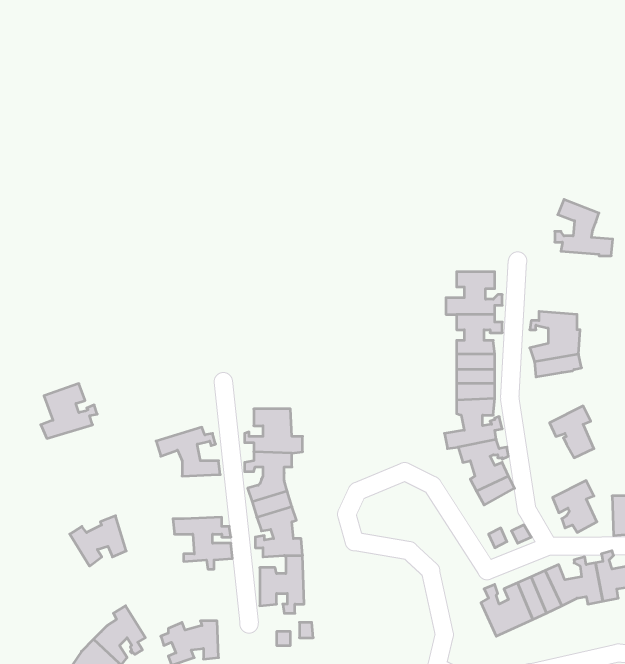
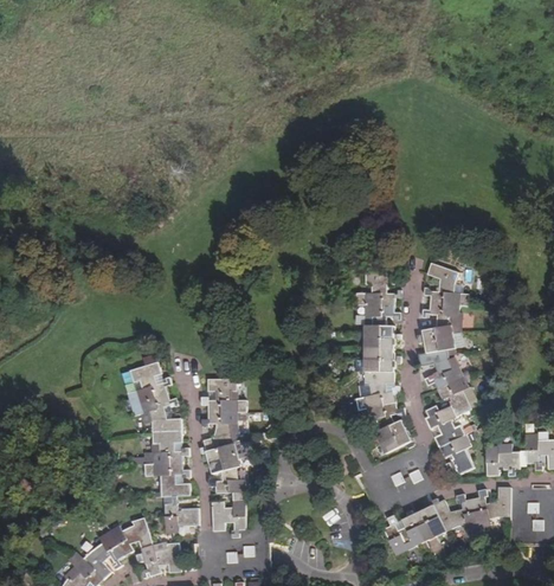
building: [555,199,613,256] -> [424,262,469,305]
building: none -> [418,349,463,388]
building: [41,384,97,438] -> [127,360,170,403]
building: none -> [424,404,465,446]
building: none -> [152,429,187,463]
building: [70,516,126,566] -> [108,516,152,555]
building: none -> [163,502,198,532]

